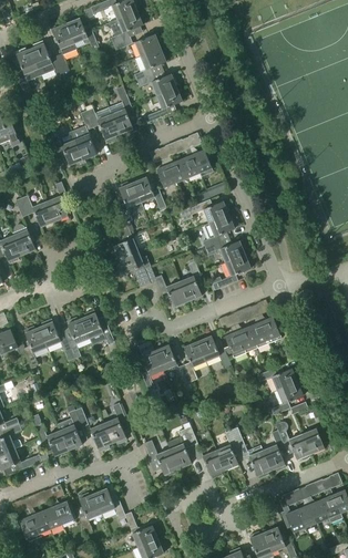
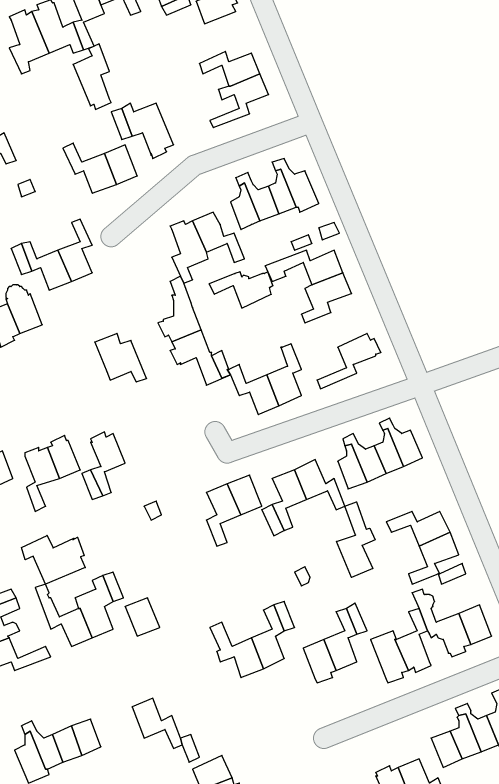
building: [133,49,165,82] -> none
building: [109,94,133,136] -> [73,44,111,109]
building: [204,240,245,264] -> [209,272,273,308]
building: [81,313,114,344] -> [95,333,147,382]
building: none -> [337,502,375,577]
building: none -> [22,535,85,584]
building: [103,403,125,443] -> none
building: [79,493,101,534] -> none

